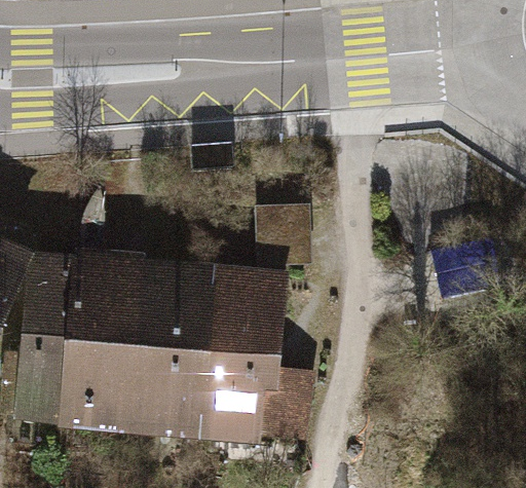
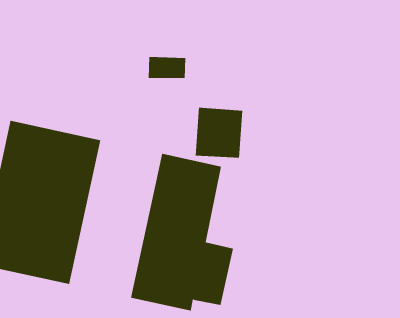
building: [119,254,213,439] -> none

